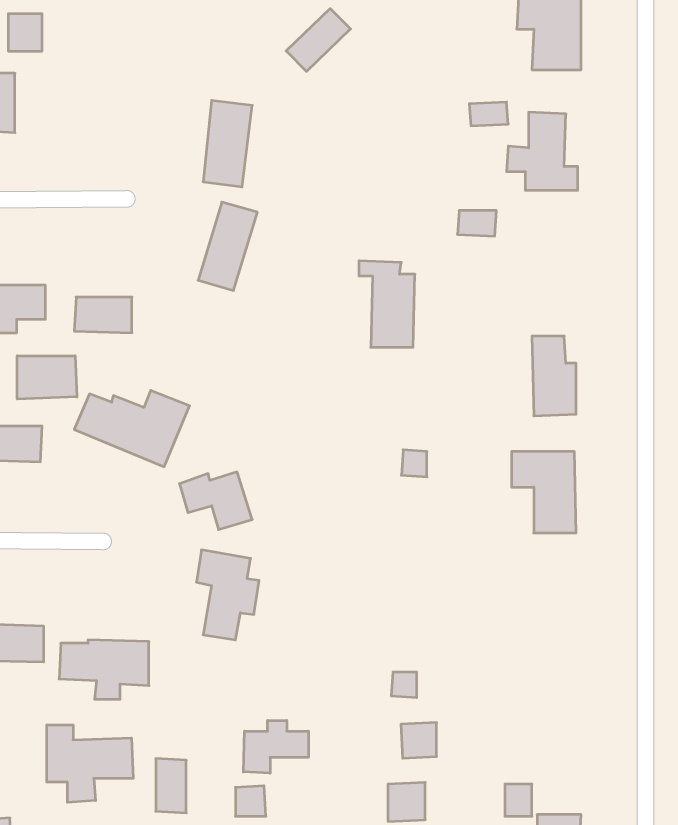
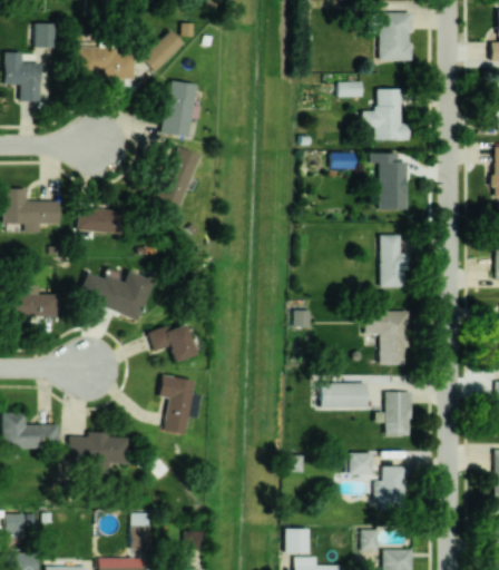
building: [286,9,351,71] -> [143,30,185,71]
building: none -> [77,47,135,78]
building: [359,261,415,347] -> [371,153,408,209]
building: [17,356,77,399] -> none
building: none -> [322,383,369,409]
building: none -> [385,392,413,436]
building: none -> [375,466,405,503]
building: [243,720,308,773] -> none
building: [401,723,437,758] -> [349,452,372,475]
building: [47,725,133,802] -> none

